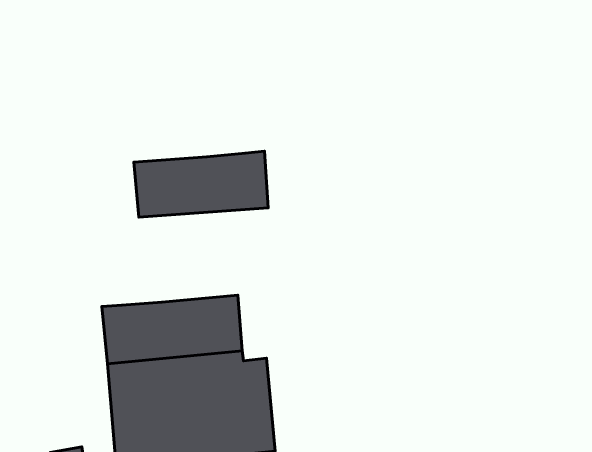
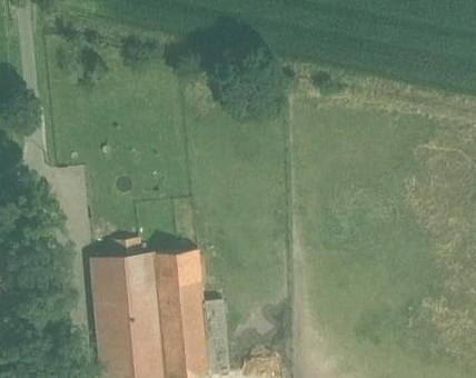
building: [134,151,268,217] -> none

